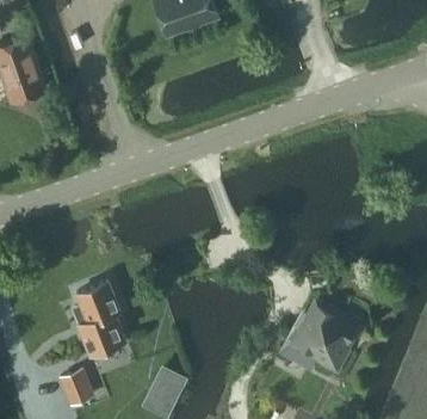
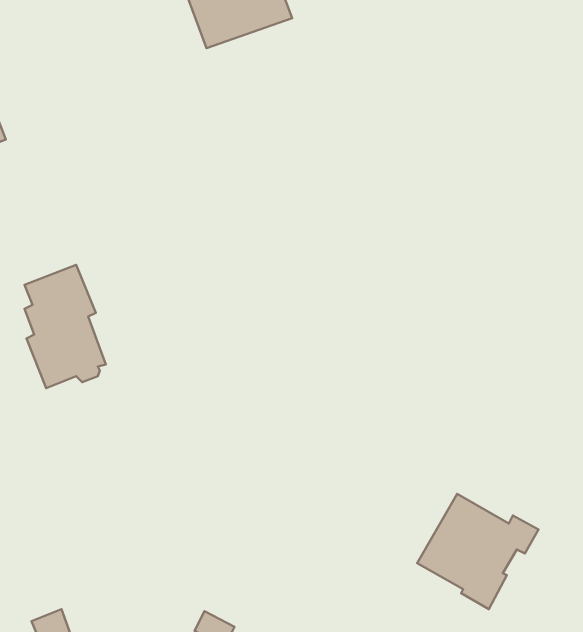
building: [75,282,124,356] -> [24,265,106,388]

